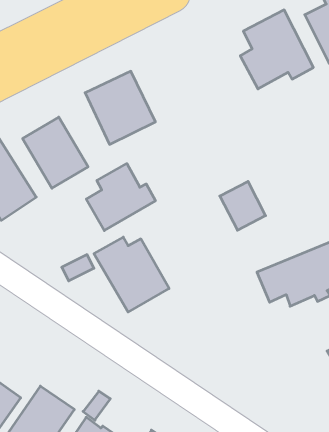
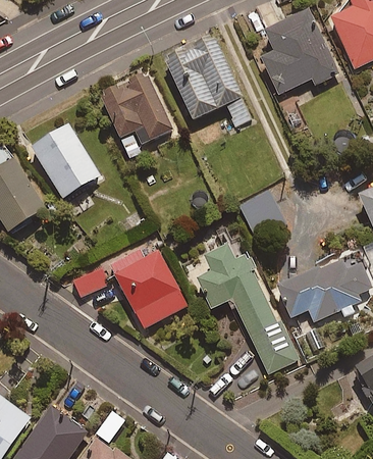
building: none -> [165,40,250,123]
building: [86,164,155,231] -> none
building: none -> [196,246,299,371]

